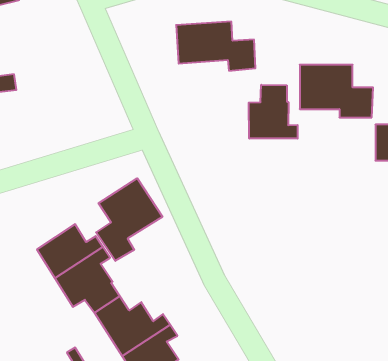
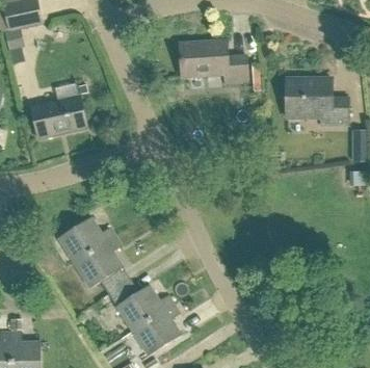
building: none -> [31,79,87,137]
building: [249,85,298,139] -> none
building: [96,178,162,261] -> none

